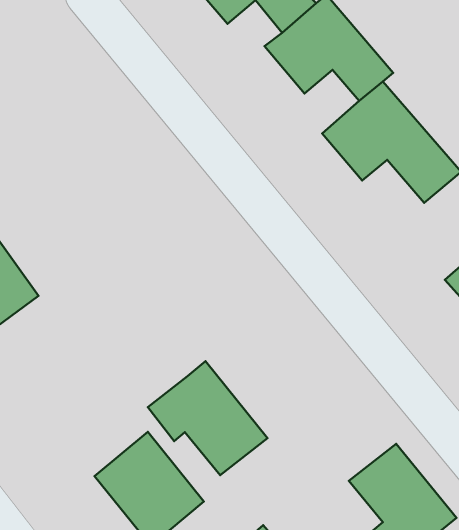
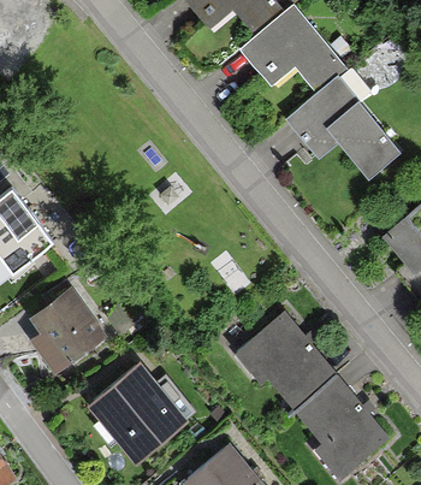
building: none -> [34,288,103,367]
building: [148,361,267,475] -> [243,313,340,406]

